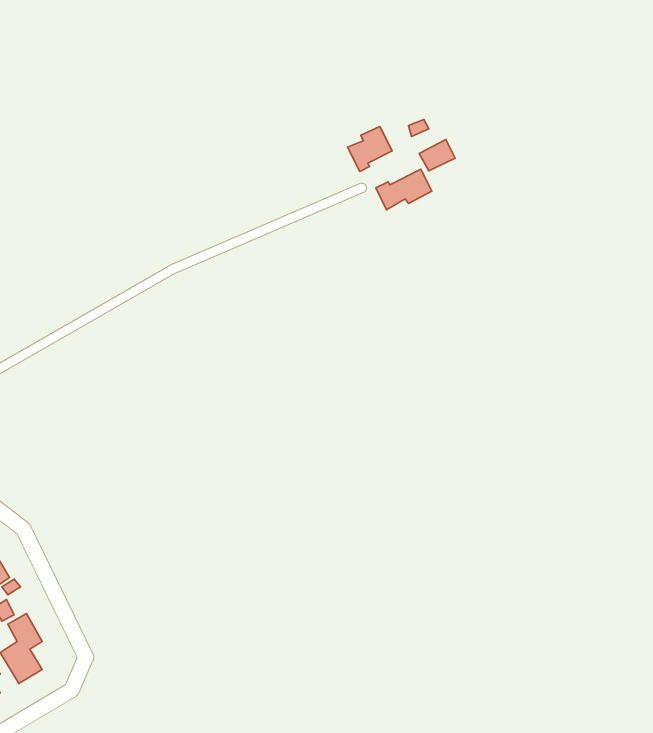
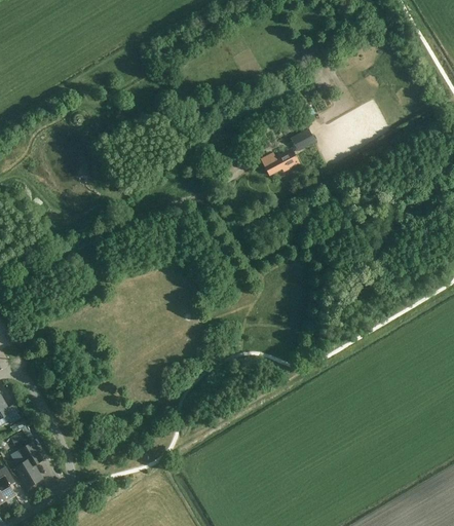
building: [347,127,392,172] -> none

